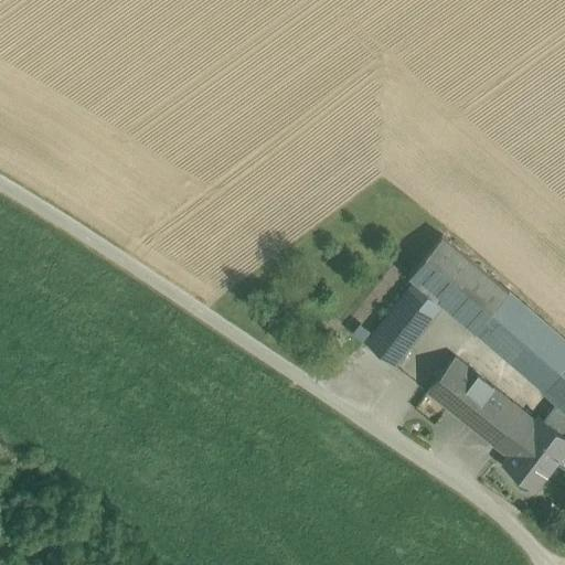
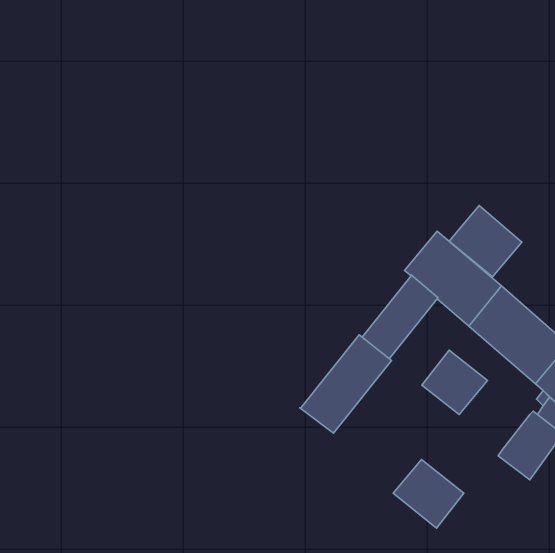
building: none -> [449,206,522,277]
building: none -> [300,335,391,433]
building: [467,390,539,459] -> [393,459,464,528]

